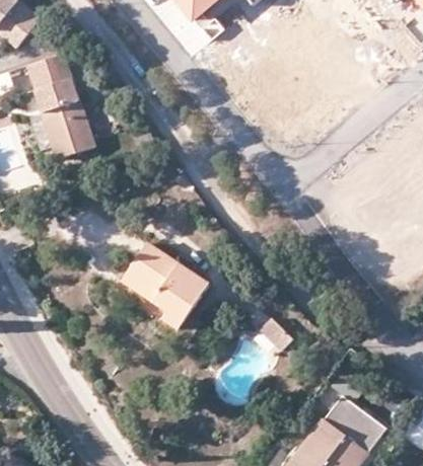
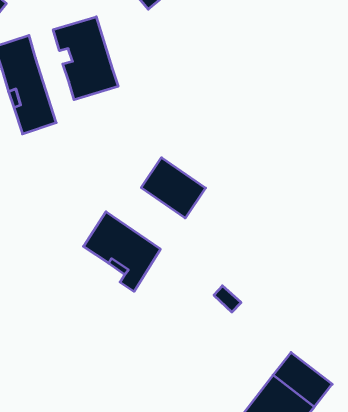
building: none -> [53,17,118,100]
building: none -> [141,158,206,218]

